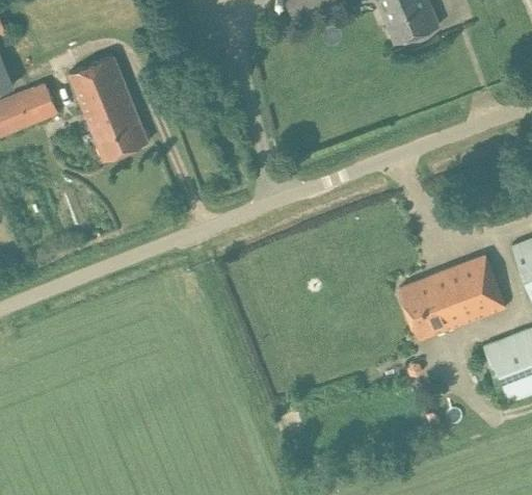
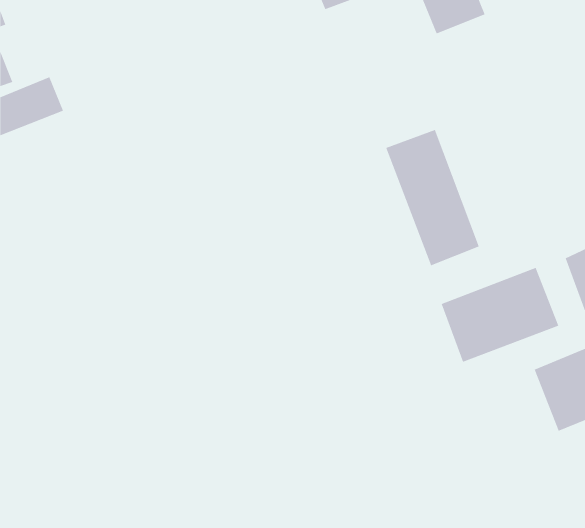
building: [69,55,149,160] -> none
building: none -> [386,129,480,266]

